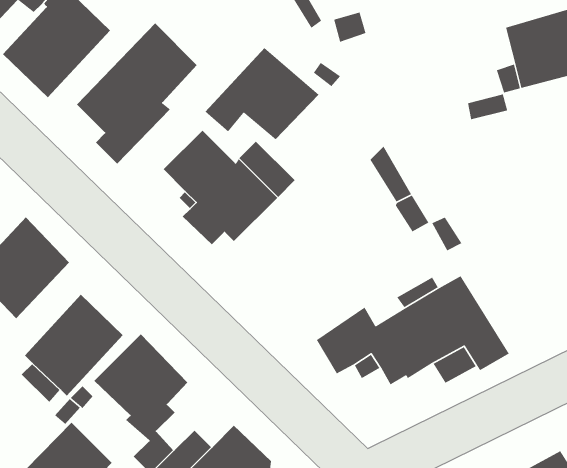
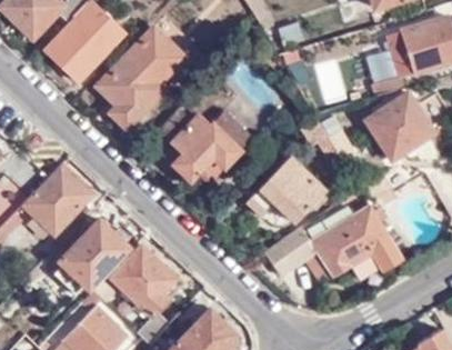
building: [204,47,320,140] -> [247,157,328,222]
building: none -> [365,93,436,163]

